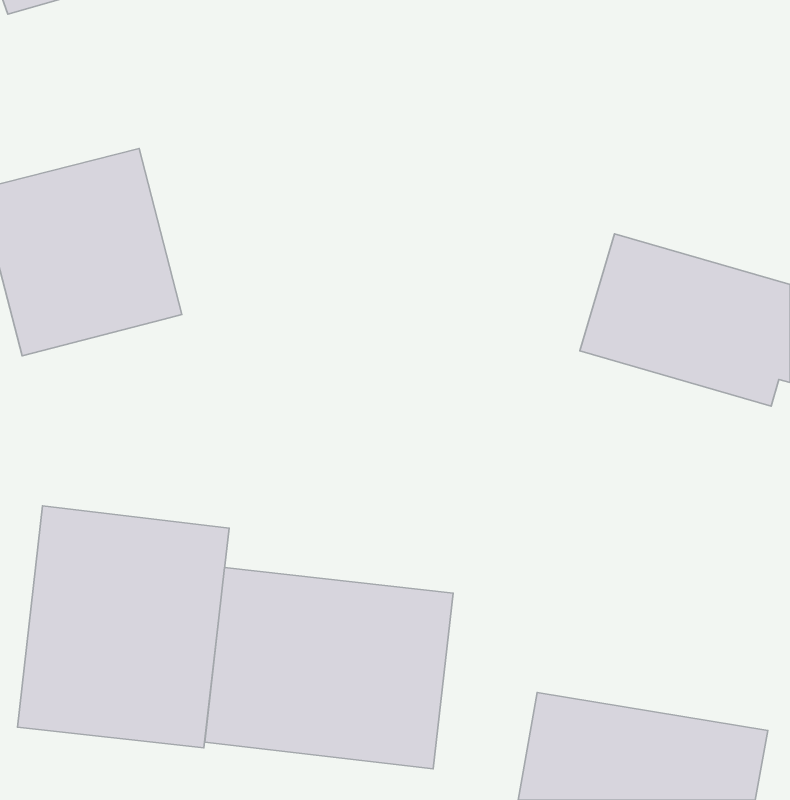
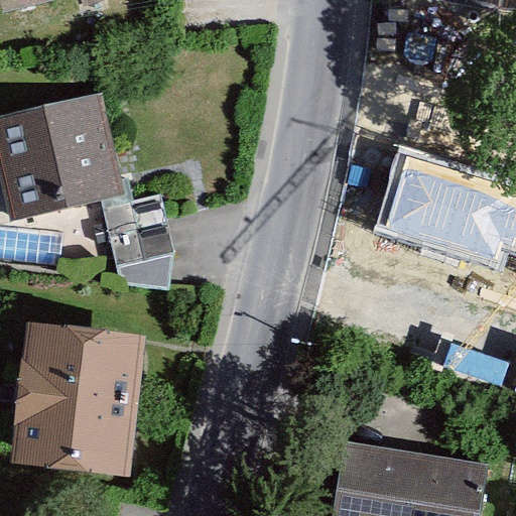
building: none -> [104,192,170,293]
building: [205,568,453,769] -> none

